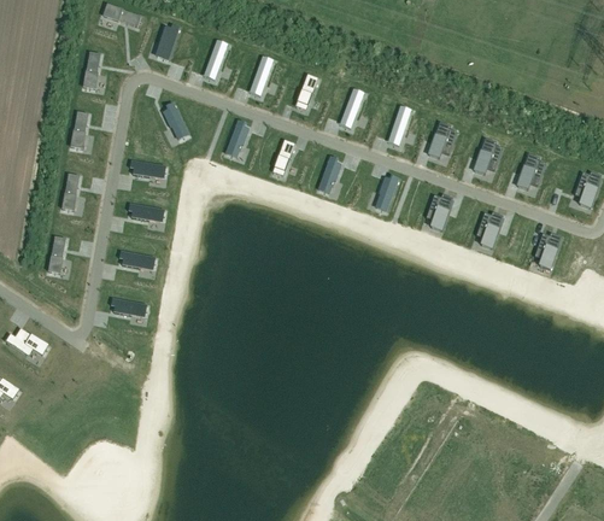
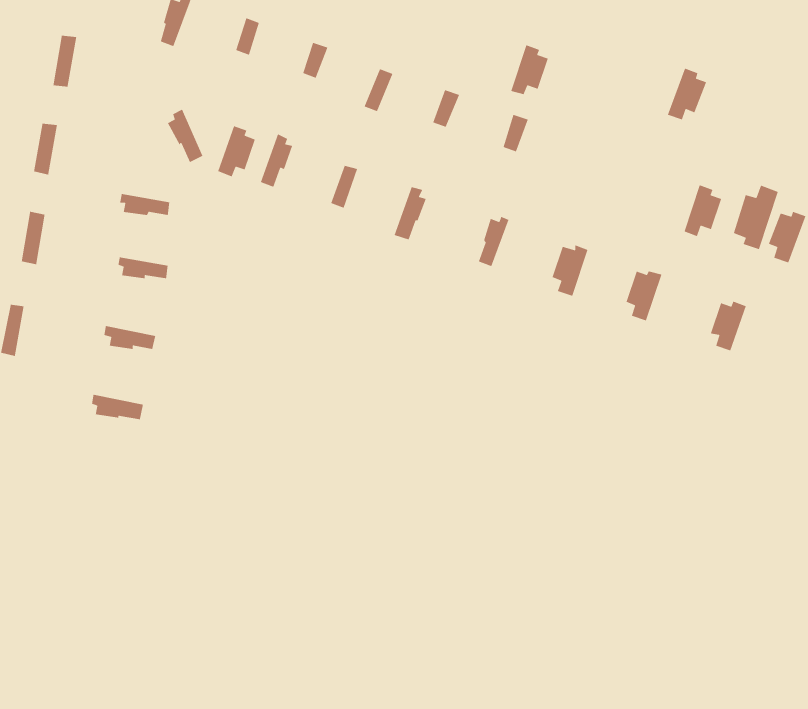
building: none -> [217,125,256,178]
building: [429,123,456,158] -> [510,44,549,95]
building: [474,139,502,175] -> [667,68,707,120]
building: none -> [733,185,779,250]

